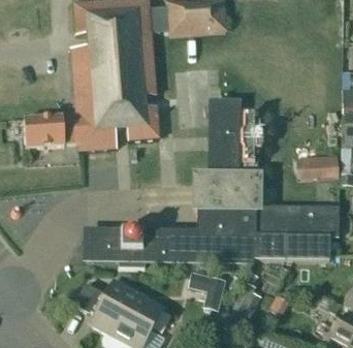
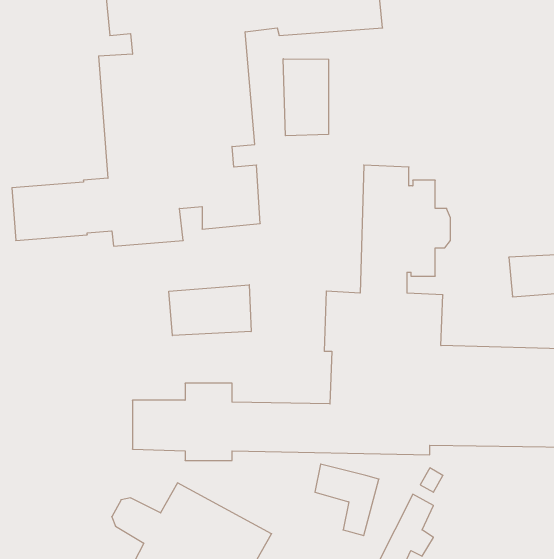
building: none -> [283,59,329,136]
building: none -> [169,285,251,336]

